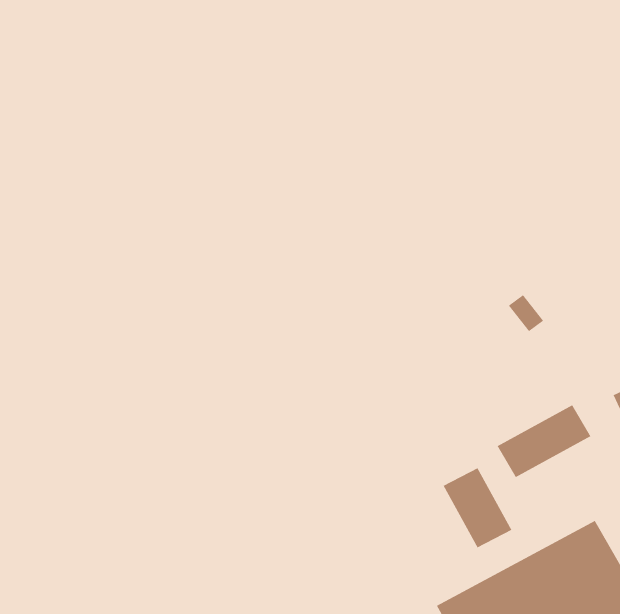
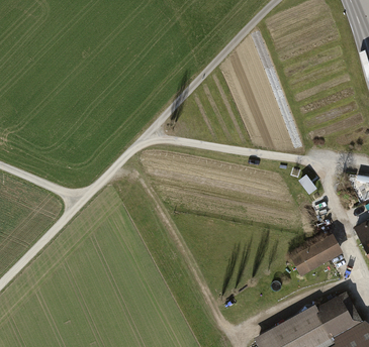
building: [442,467,513,549] -> none

